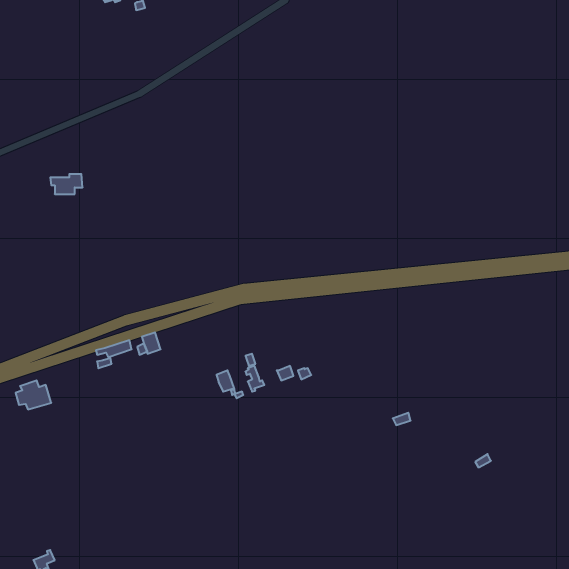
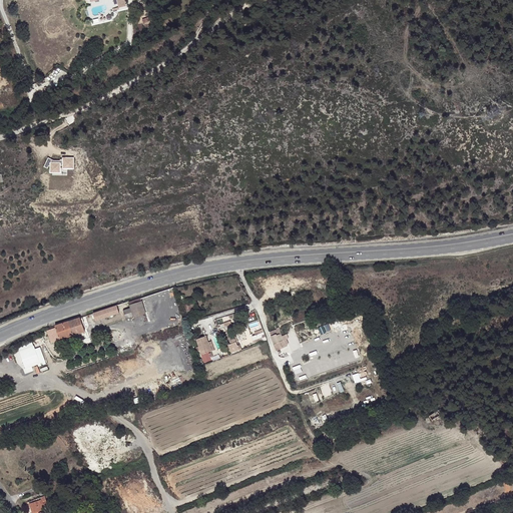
building: none -> [54,318,83,340]

